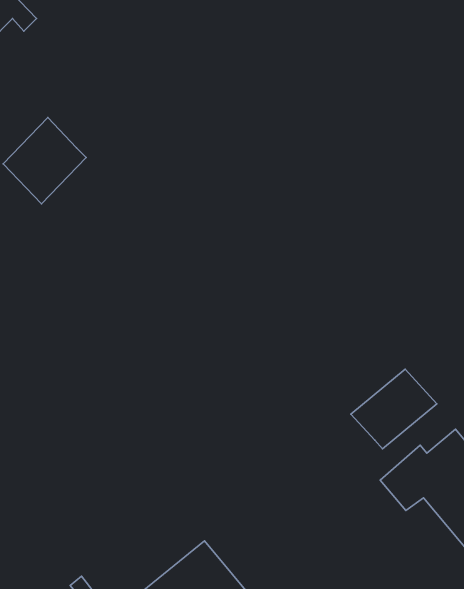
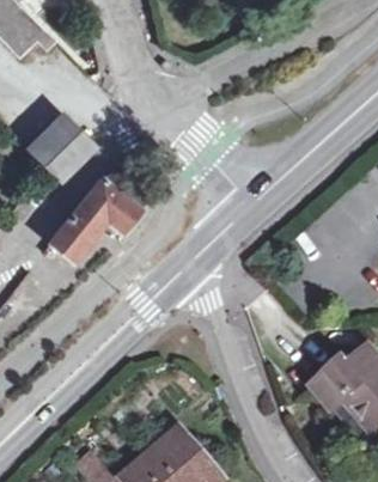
building: none -> [51,170,148,258]
building: [351,369,437,449] -> none

